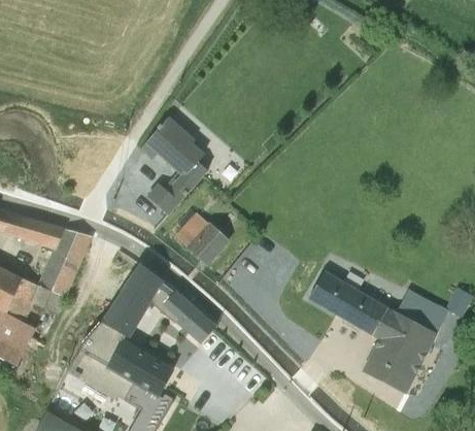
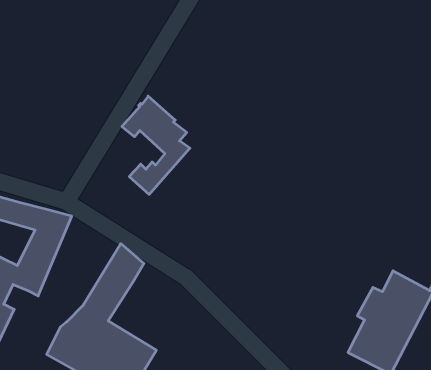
building: [174,209,229,265] -> none
building: [308,272,387,334] -> none
building: [163,290,215,343] -> none

